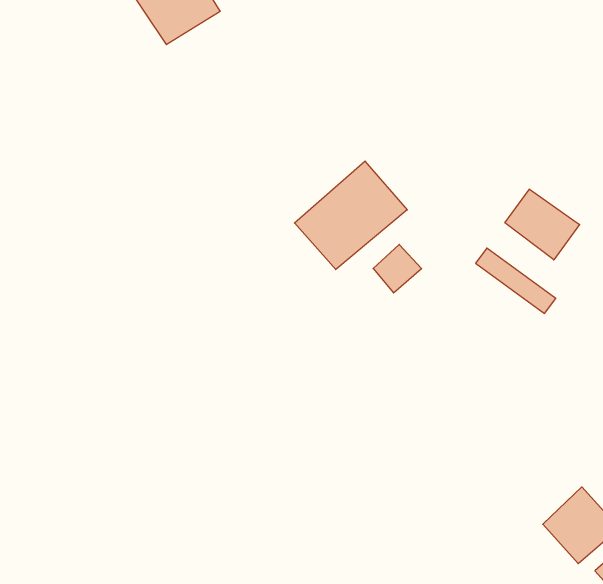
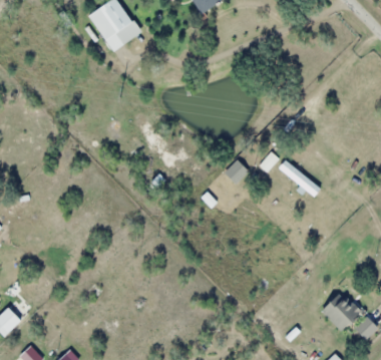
building: [294,161,407,270] -> none
building: [505,189,580,260] -> none

